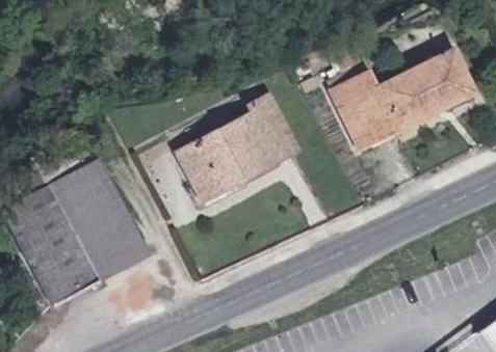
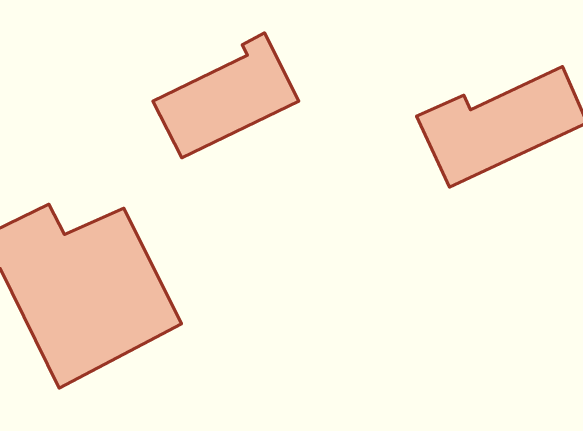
building: [184,98,299,196] -> [153,33,299,158]

